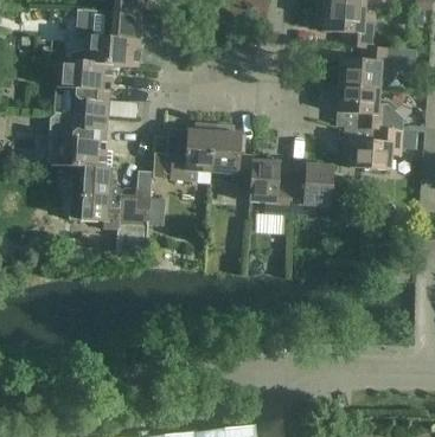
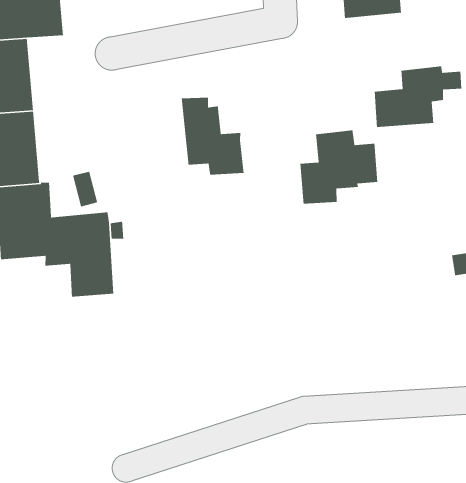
building: [331,85,403,130] -> none
building: [166,123,215,181] -> none
building: [250,161,292,213] -> none

